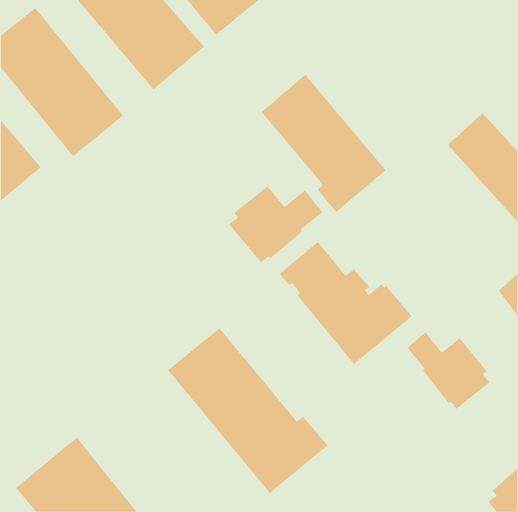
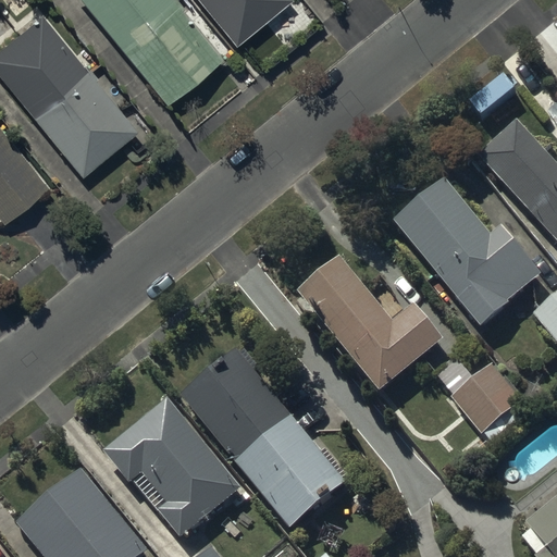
building: [261,74,386,213] -> none
building: none -> [393,178,542,329]
building: [228,186,323,263] -> none
building: none -> [103,398,240,537]

